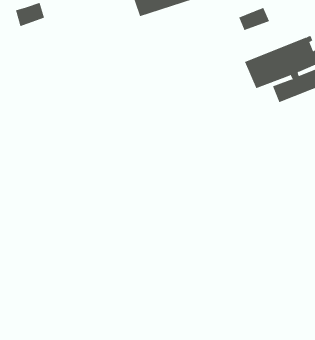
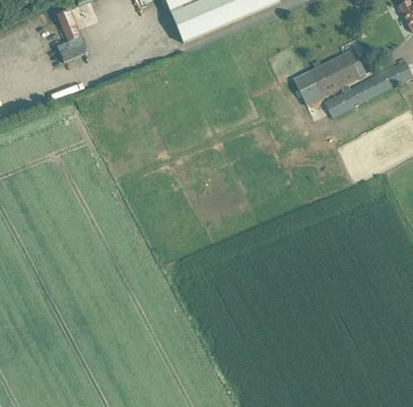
building: [238,7,270,31] -> none

